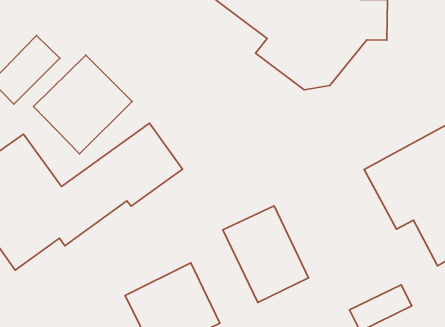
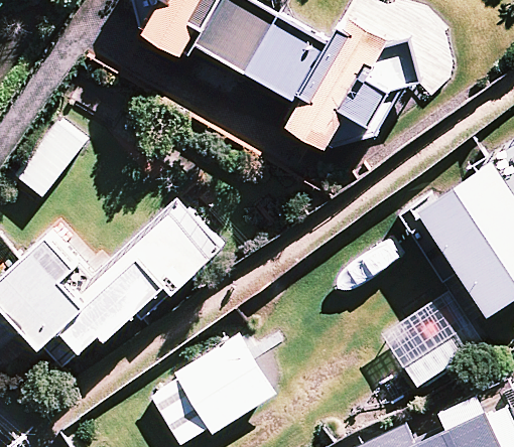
building: [33,55,132,154] -> none
building: [223,206,309,302] -> none

